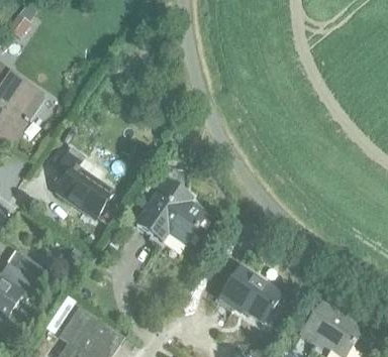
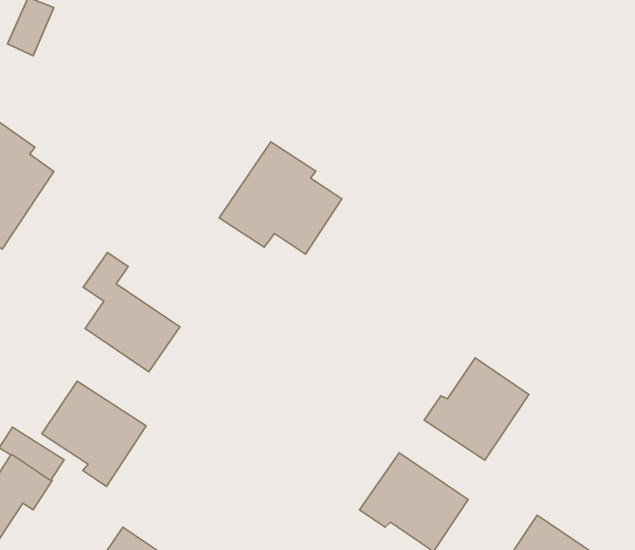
building: [135,180,207,245] -> [219,142,342,254]
building: none -> [424,358,529,460]
building: none -> [42,381,146,487]

